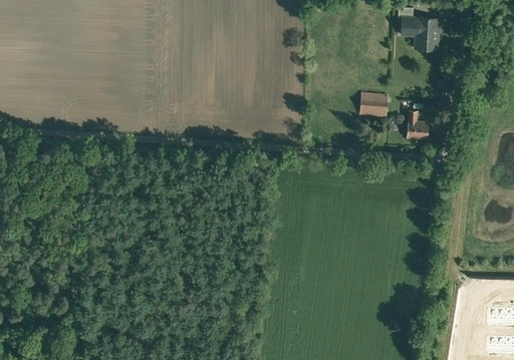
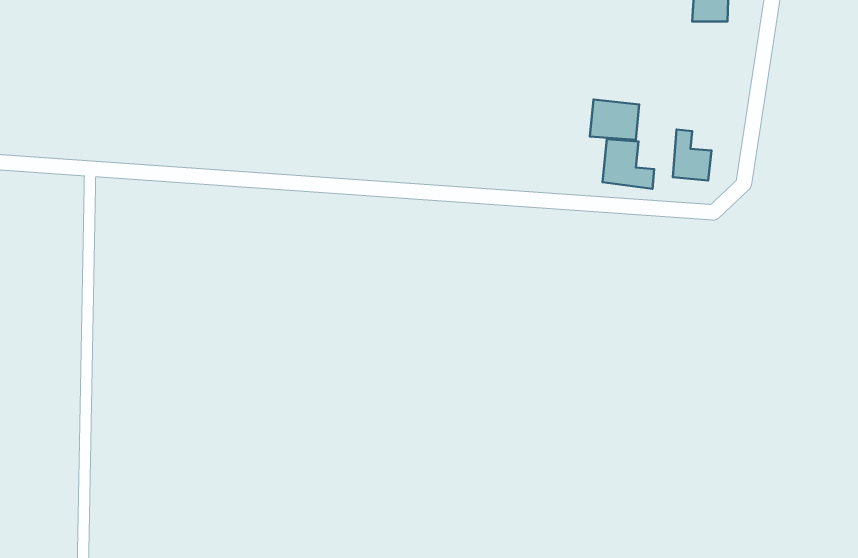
building: none -> [603,139,654,189]

